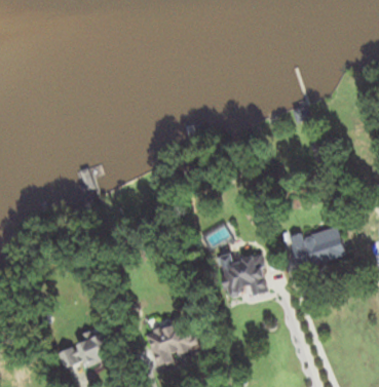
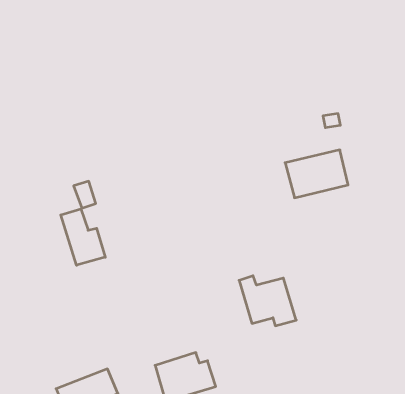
building: none -> [61,209,105,265]
building: [290,225,345,267] -> [285,150,348,198]

